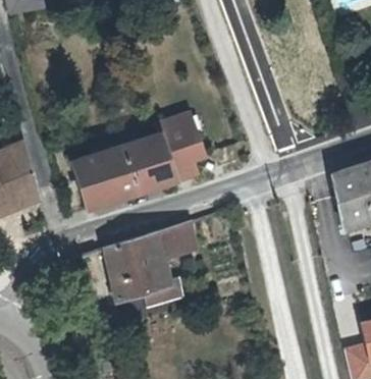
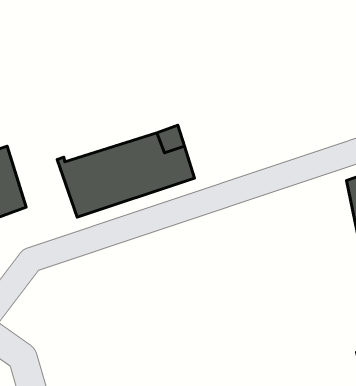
building: [106,225,196,302] -> none

